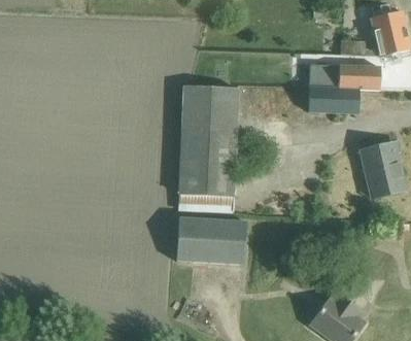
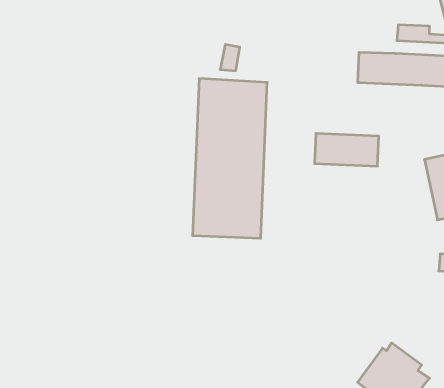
building: [309,87,359,112] -> [315,133,379,166]
building: [177,216,246,264] -> none

